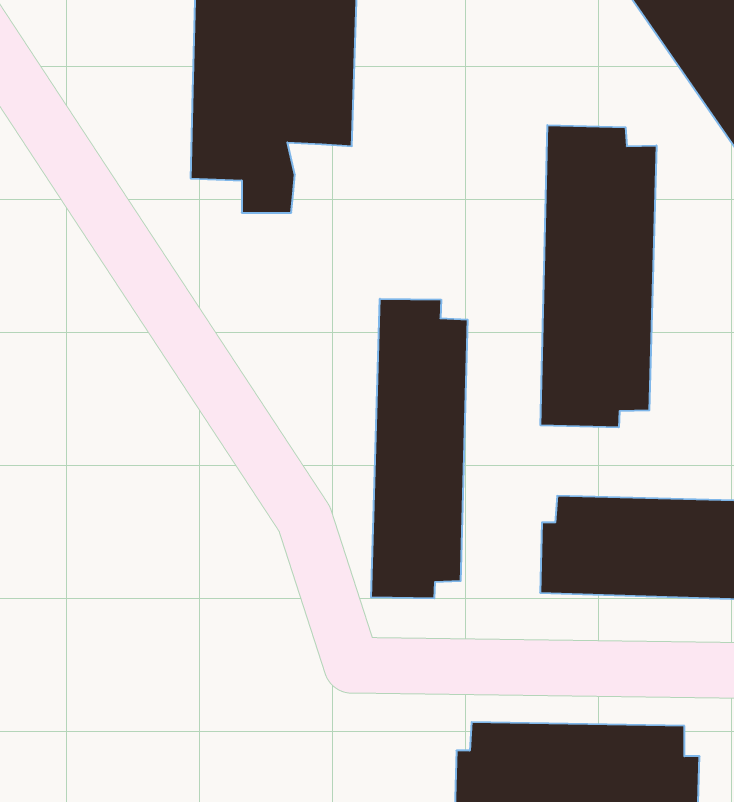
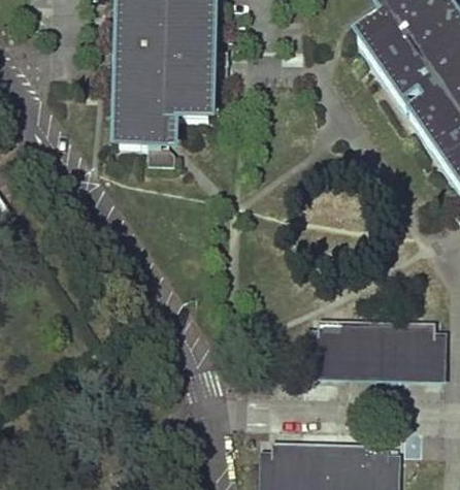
building: [541,125,656,427] -> none
building: [371,299,468,598] -> none

